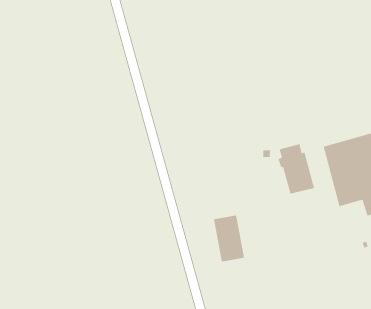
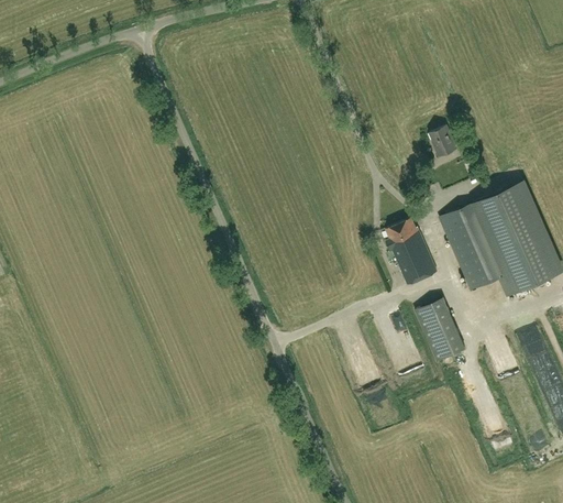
building: none -> [429,127,456,157]
building: [213,215,245,262] -> [416,292,462,353]

